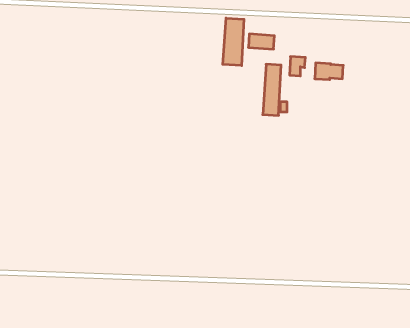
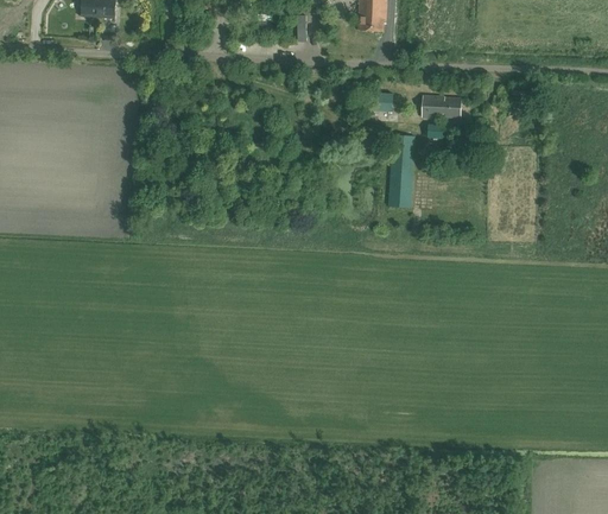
building: [223,18,244,66] -> none
building: [315,63,343,80] -> [420,94,461,118]

